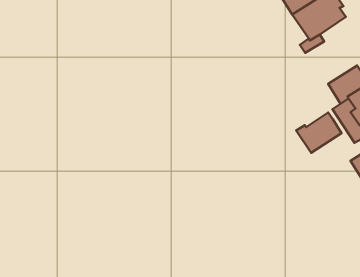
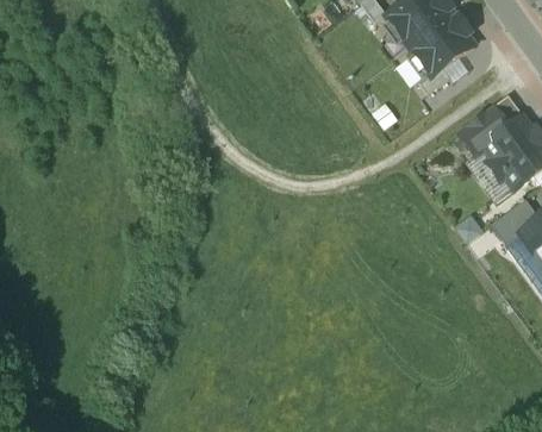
building: [296,113,341,153] -> none

